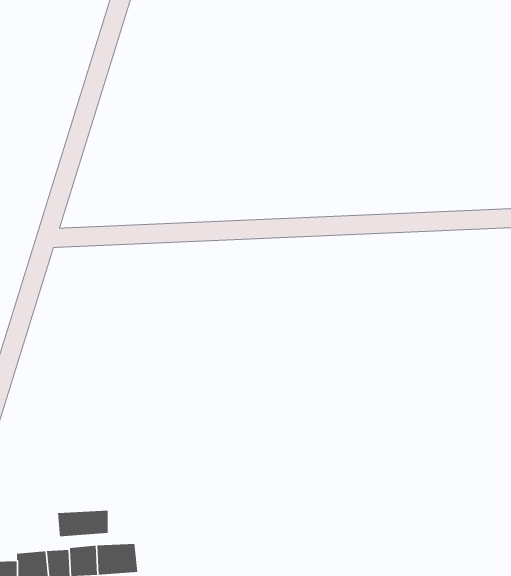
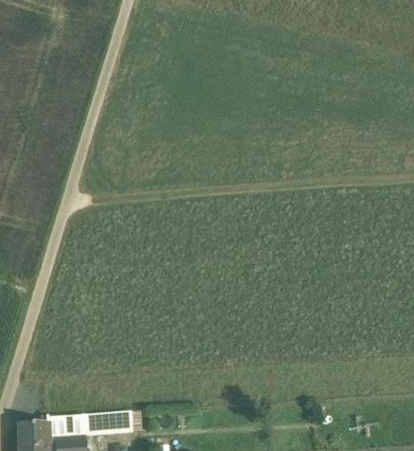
building: [57,510,108,537] -> none

